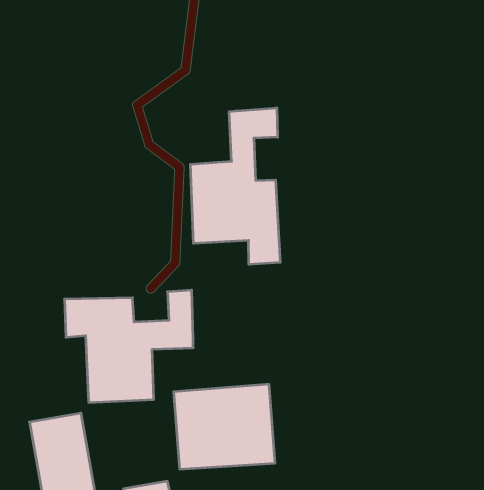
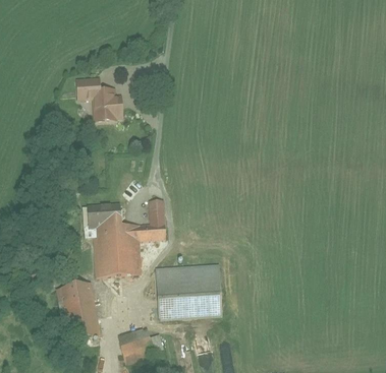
building: [190,108,280,264] -> none
building: none -> [79,78,124,121]

